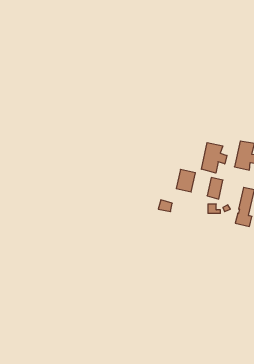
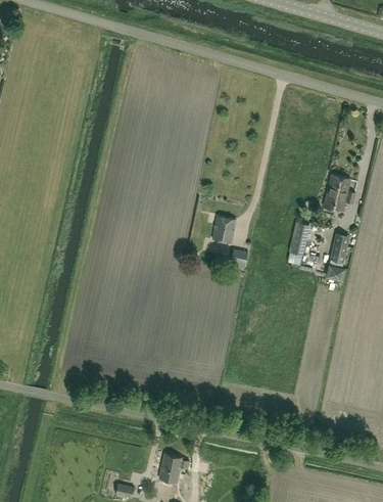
building: [201,143,227,173] -> none
building: [176,169,195,192] -> [212,216,236,243]

